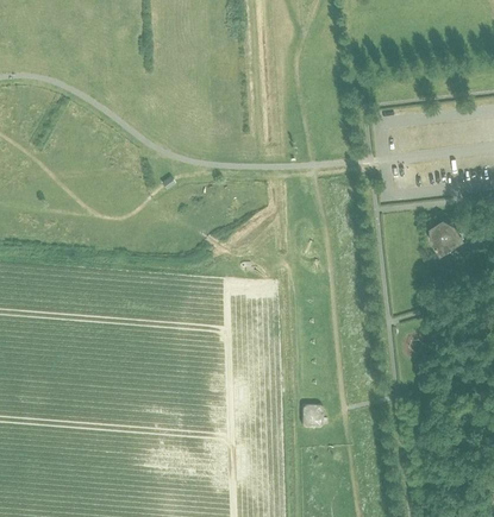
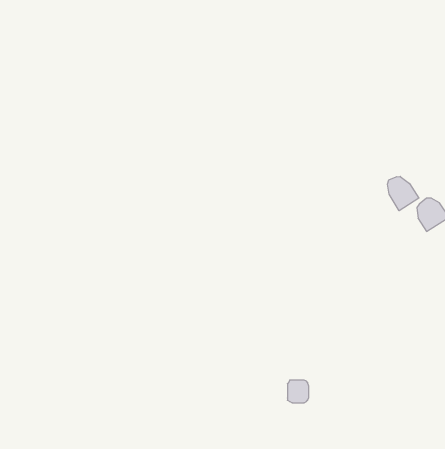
building: none -> [387,176,419,211]

